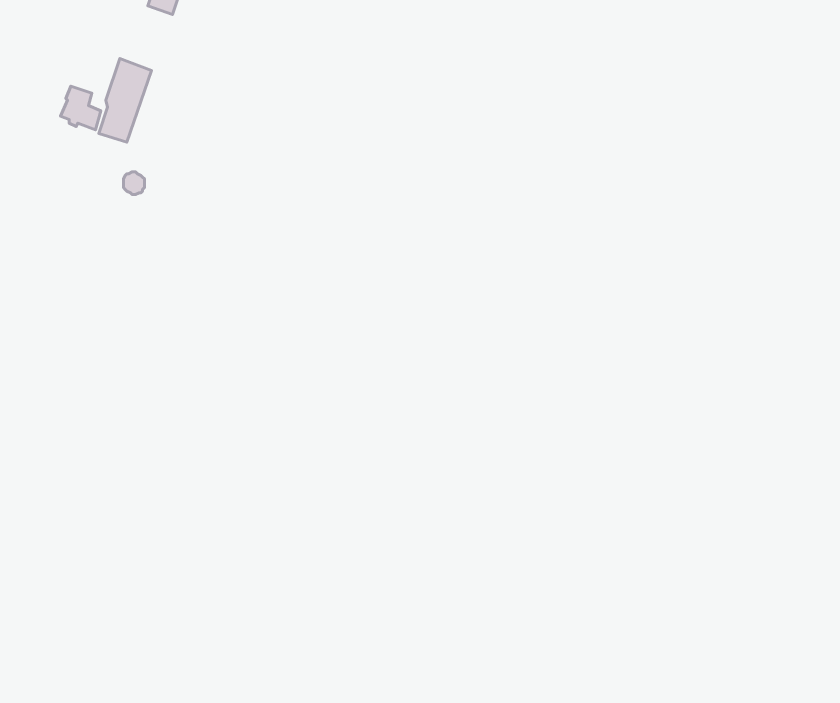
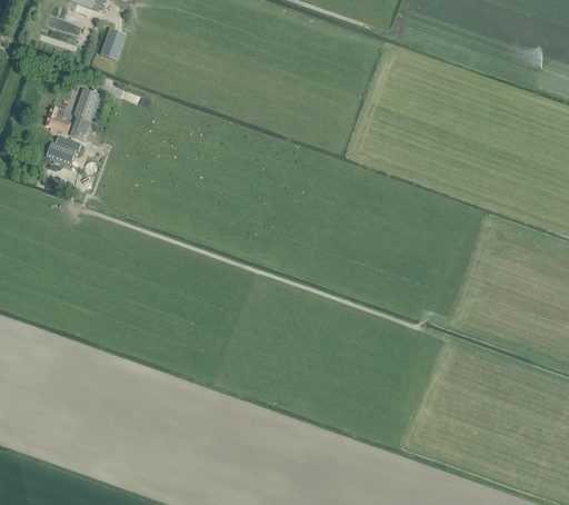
building: none -> [46,136,80,165]

